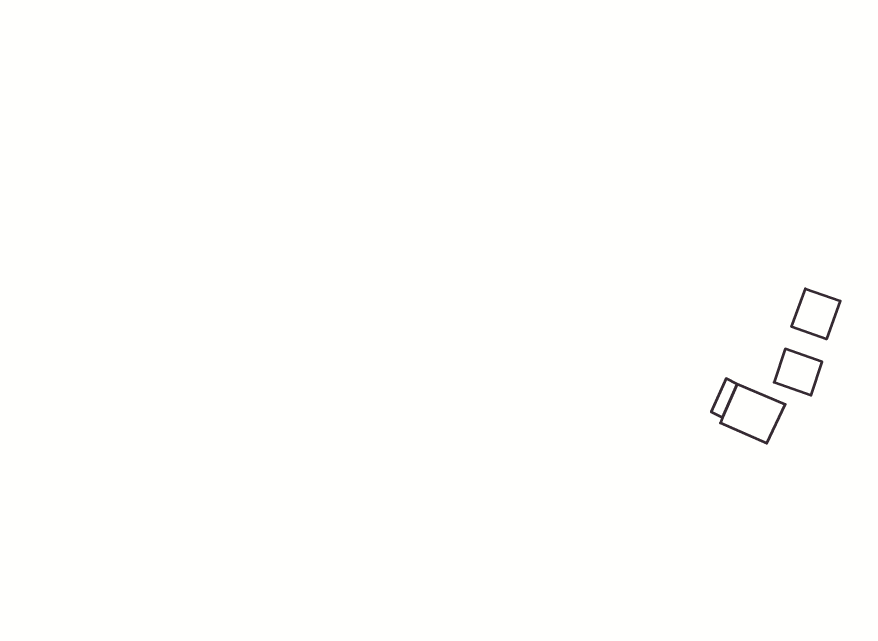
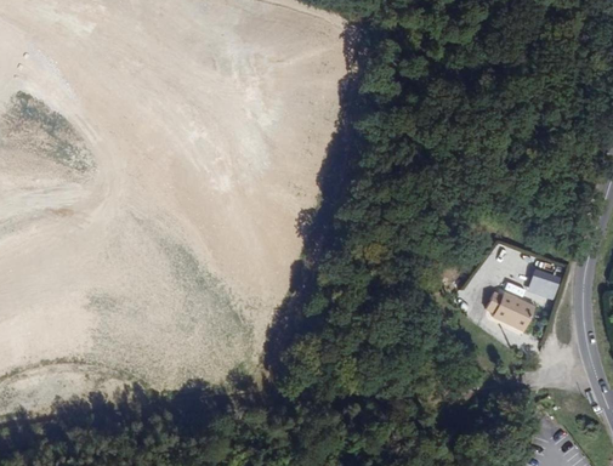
building: [792,289,840,339] -> none

